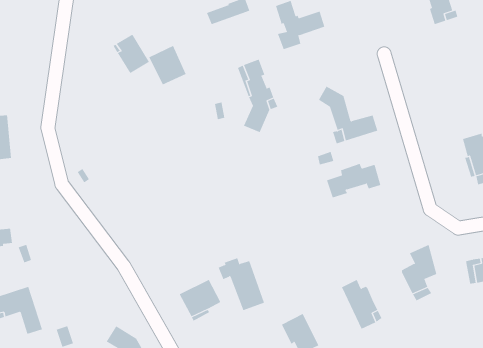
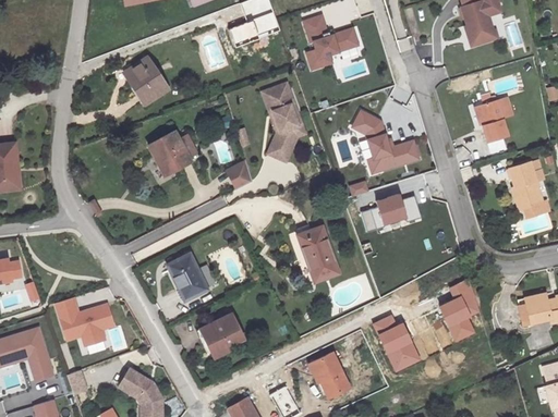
building: [149,45,187,85] -> [147,126,189,170]
building: none -> [480,91,517,140]
building: none -> [226,159,254,188]
building: none -> [167,260,208,307]
building: [218,258,265,311] -> [288,229,339,286]
building: none -> [53,298,111,346]

